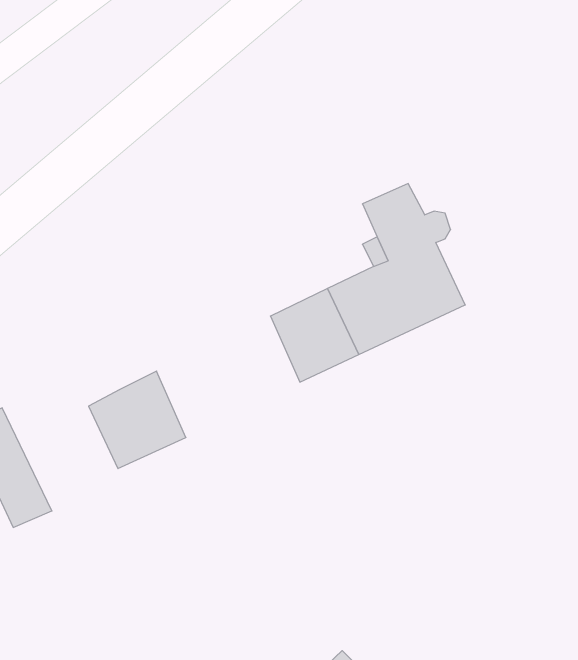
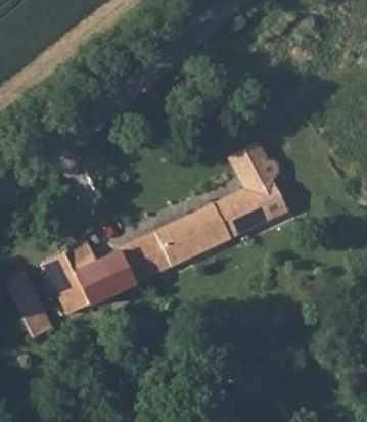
building: none -> [113,219,193,286]
building: none -> [40,242,93,316]

